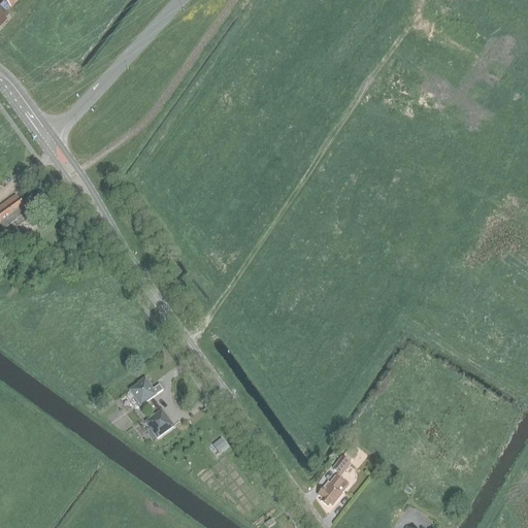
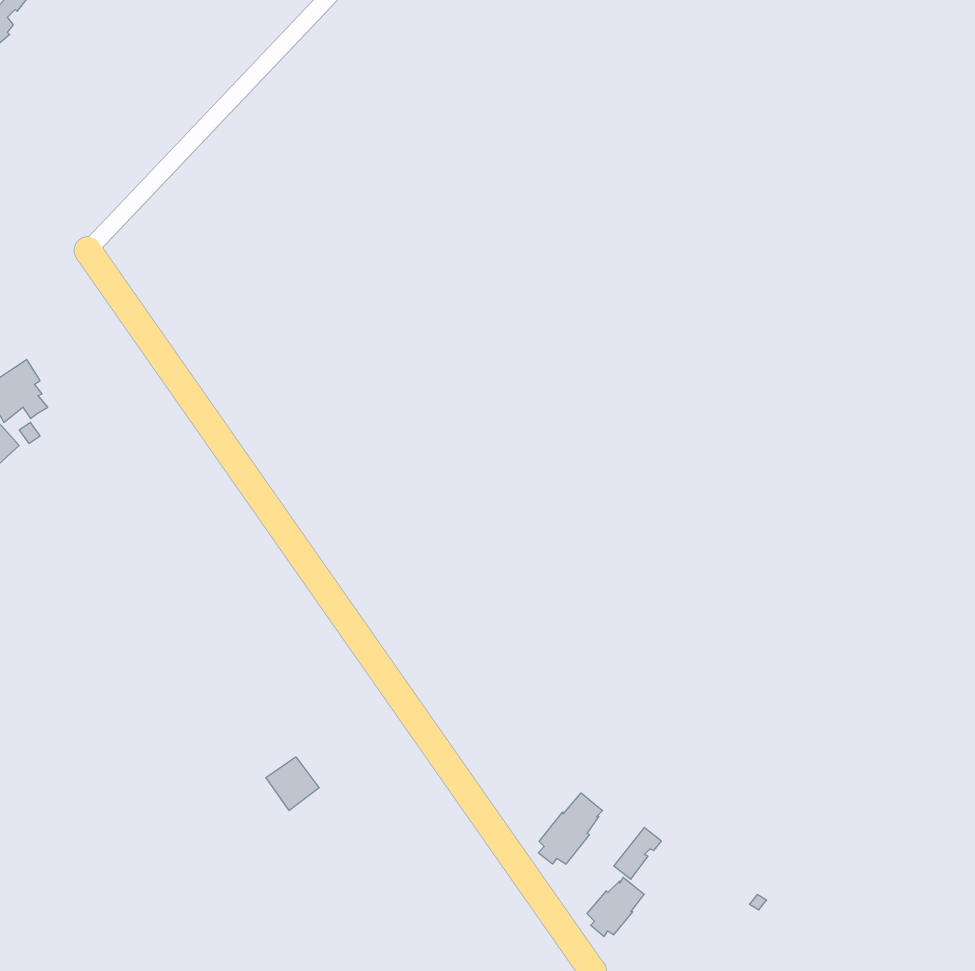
building: [128,376,162,404] -> none
building: none -> [538,793,603,864]

